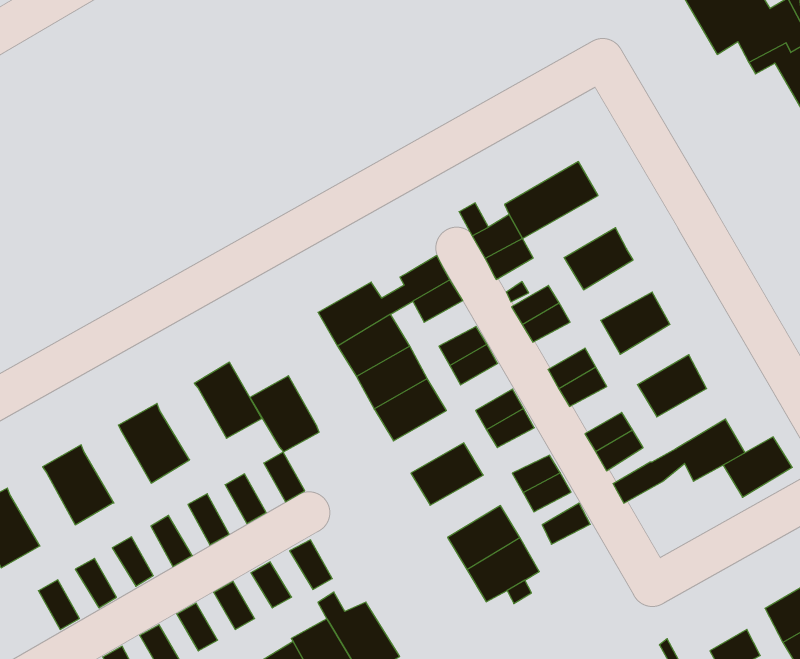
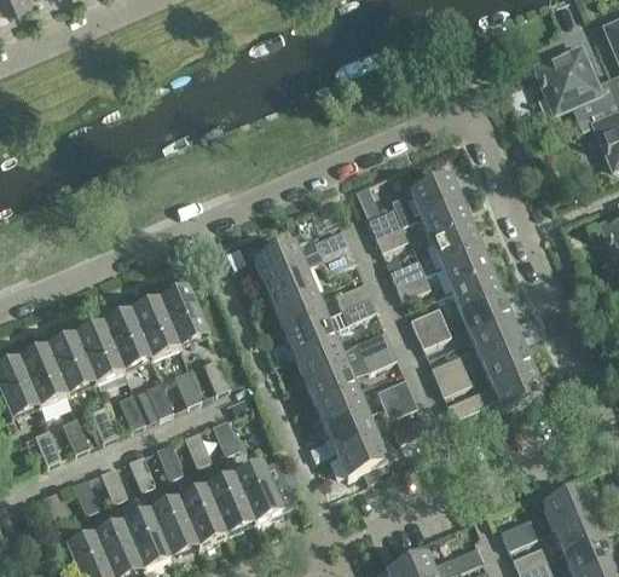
building: none -> [420,201,469,242]
building: none -> [441,249,490,289]
building: none -> [462,298,510,337]
building: [250,376,319,452] -> [133,304,179,357]
building: none -> [295,340,345,381]
building: none -> [76,327,122,381]
building: [723,437,792,497] -> [482,346,531,386]
building: none -> [21,351,66,405]
building: none -> [316,388,365,429]

